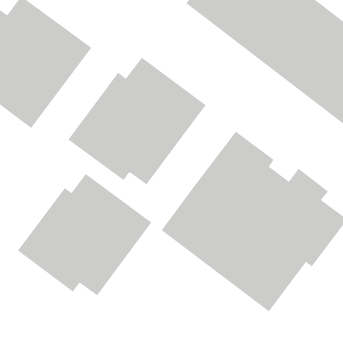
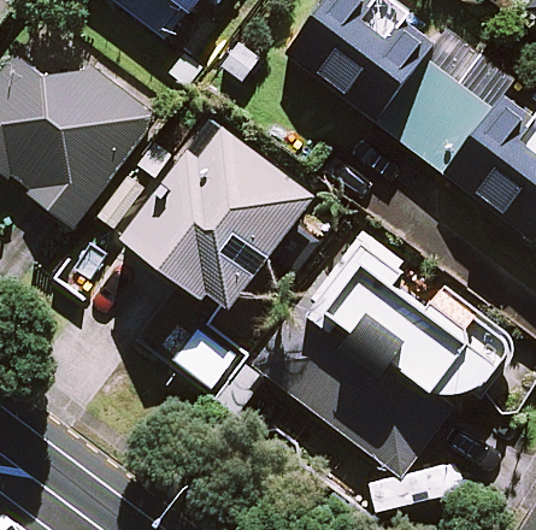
building: [17,173,152,296] -> none

